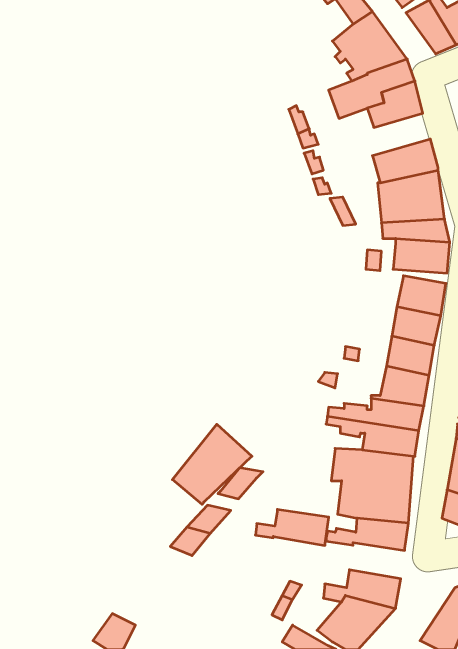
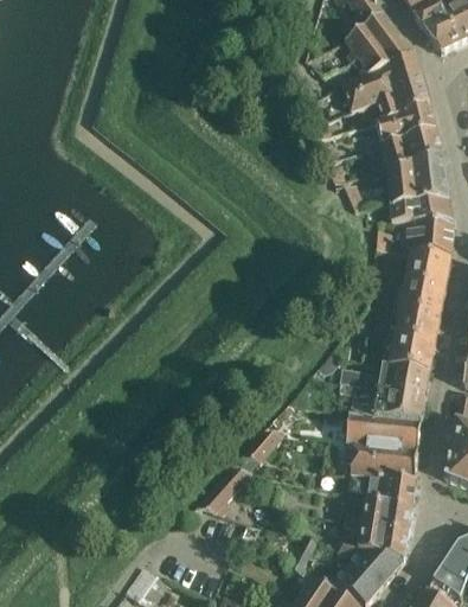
building: none -> [376,104,436,143]
building: [172,424,252,504] -> none
building: [255,509,329,545] -> [345,499,412,532]

